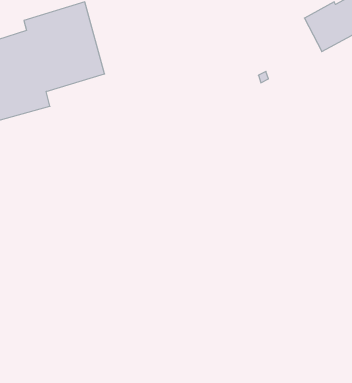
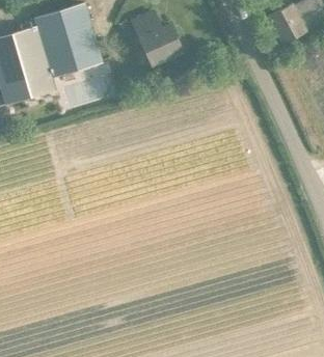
building: none -> [131,11,182,64]

